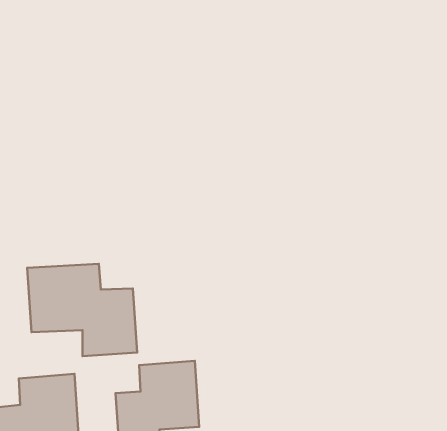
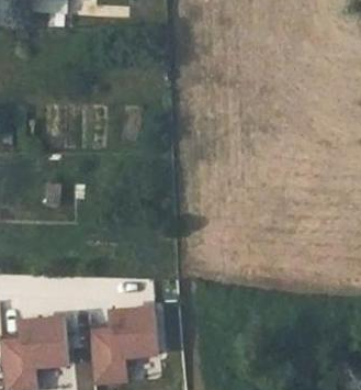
building: [27,264,137,356] -> none

